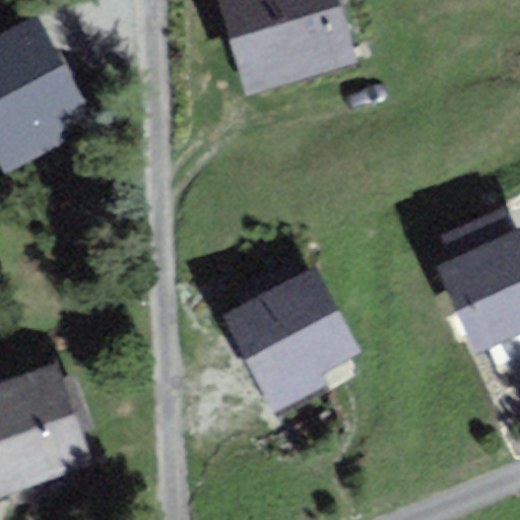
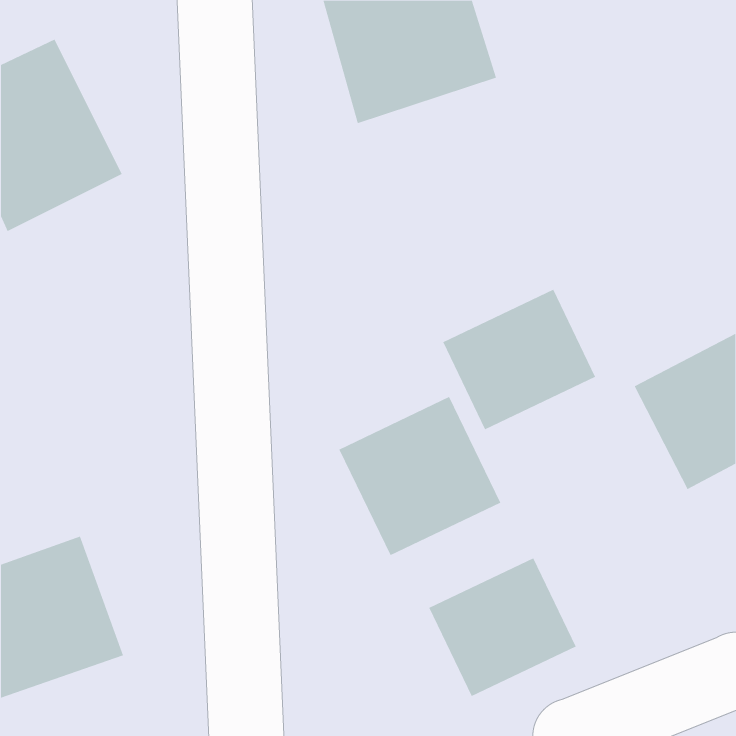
building: none -> [442,289,596,430]
building: none -> [429,557,577,697]

